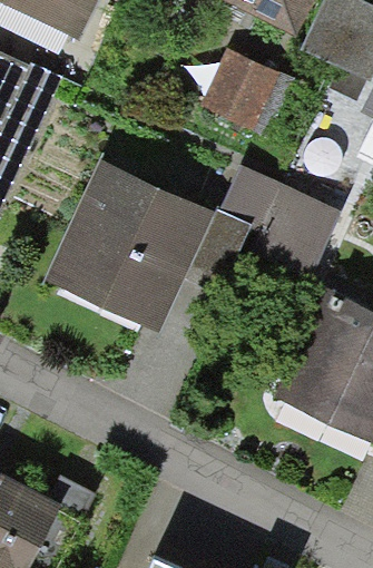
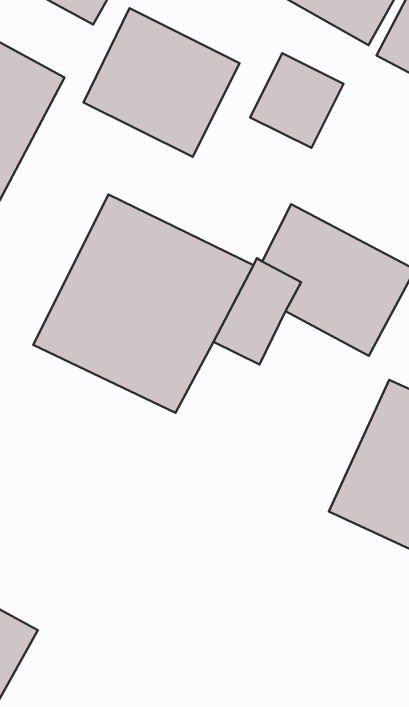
building: none -> [84,8,240,157]

